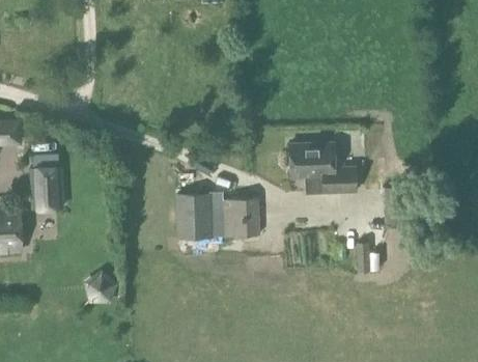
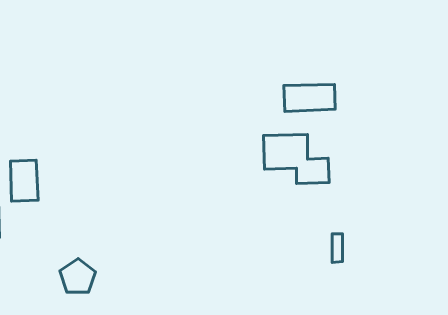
building: none -> [284,85,335,111]
building: [178,194,259,235] -> none

